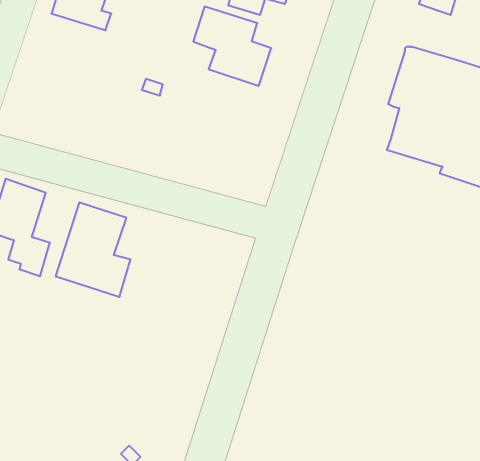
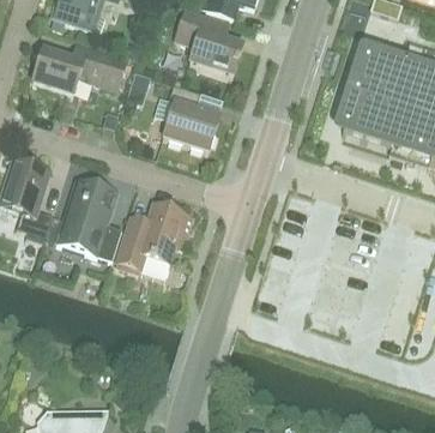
building: none -> [31,46,126,95]
building: none -> [162,84,219,151]
building: none -> [115,203,192,270]

